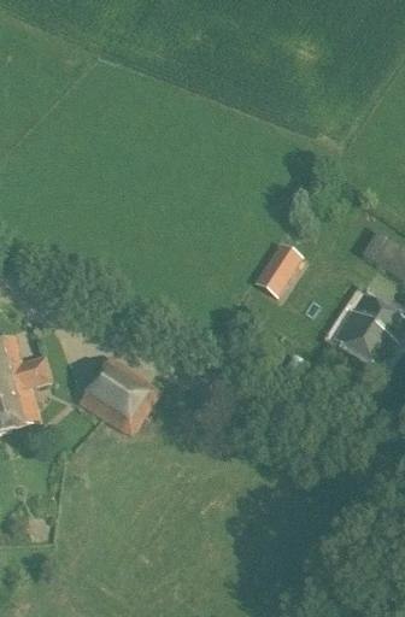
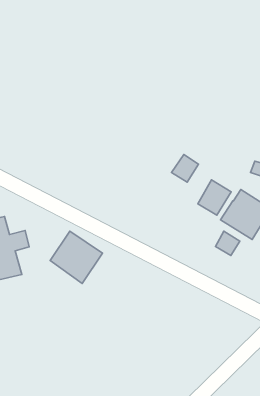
building: none -> [198,180,231,215]
building: none -> [215,231,240,256]

